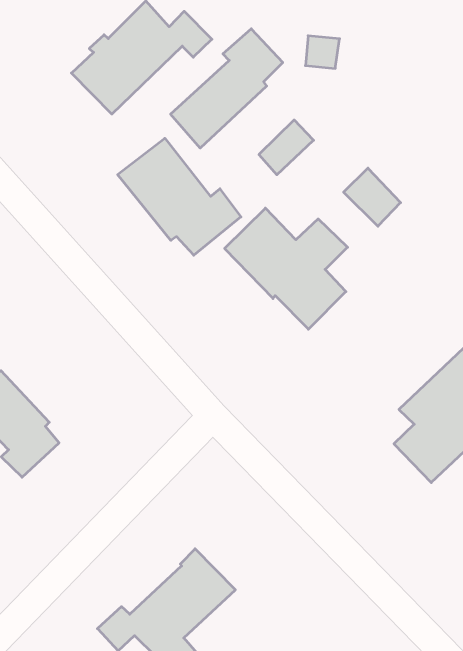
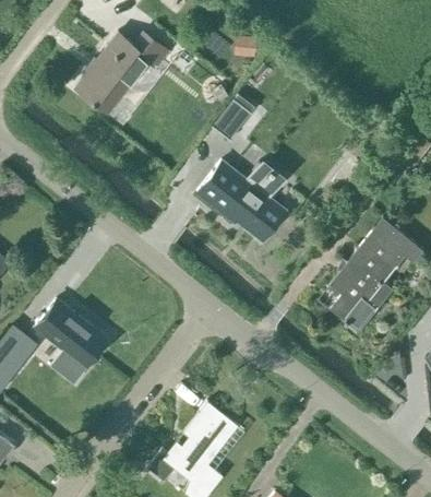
building: [171,29,283,148] -> none
building: [118,138,241,255] -> none
building: [344,168,401,226] -> none

